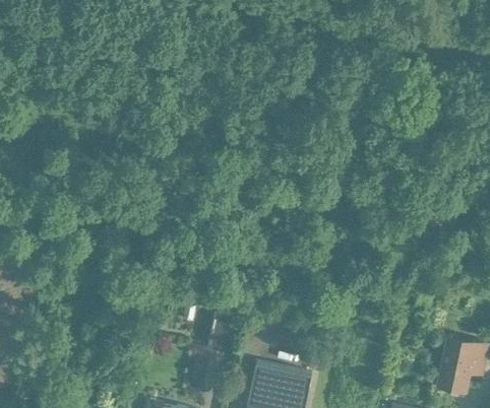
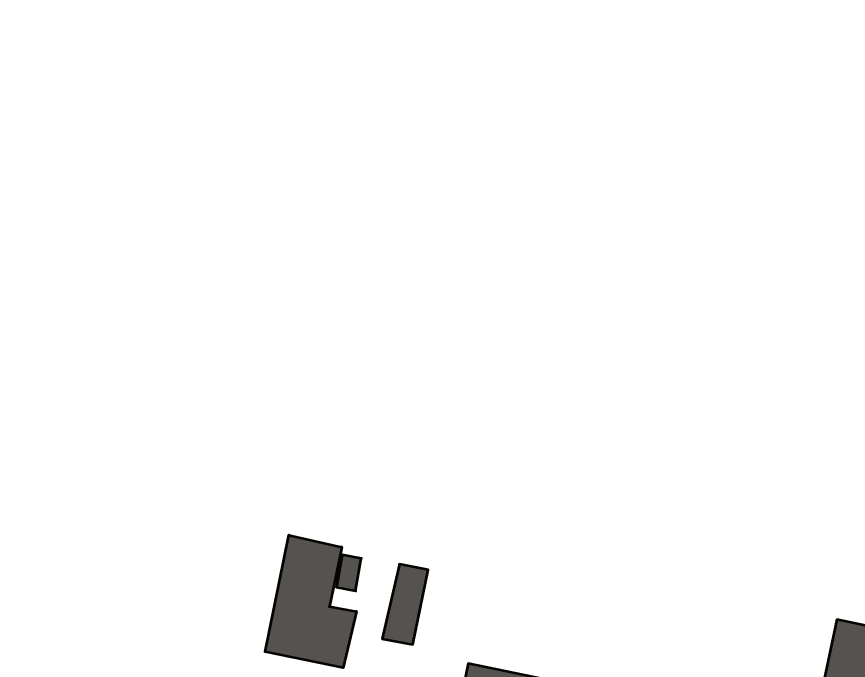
building: none -> [265,535,356,668]

